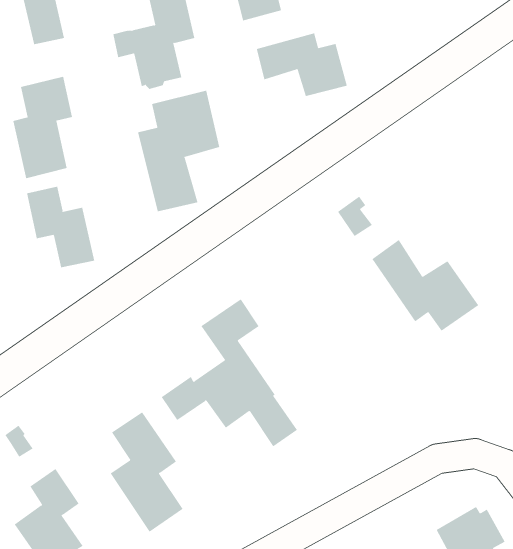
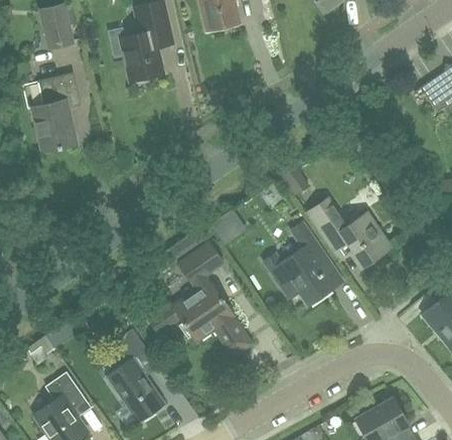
building: [256,32,347,97] -> none
building: [138,90,220,212] -> none
building: [26,186,95,268] -> none
building: none -> [264,223,342,303]

